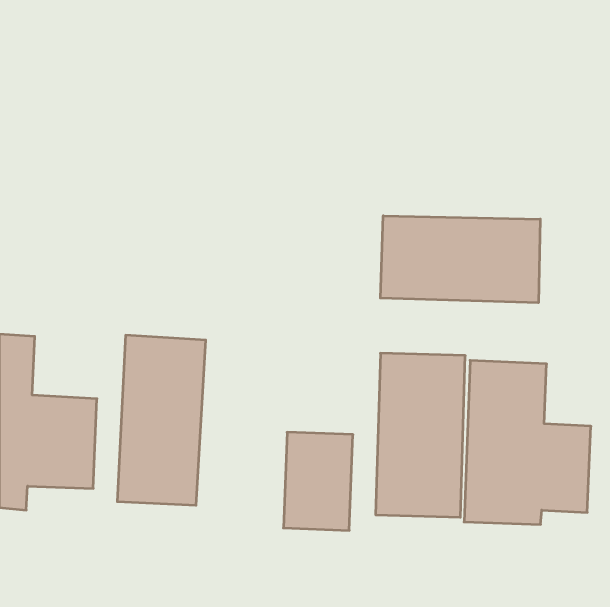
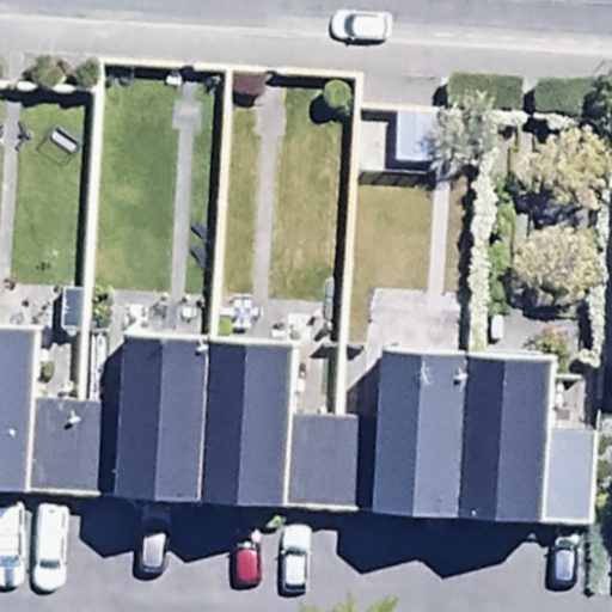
building: [380,216,540,303] -> none
building: none -> [206,341,288,507]

